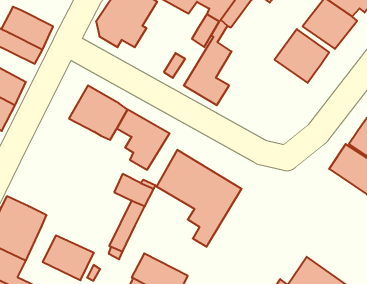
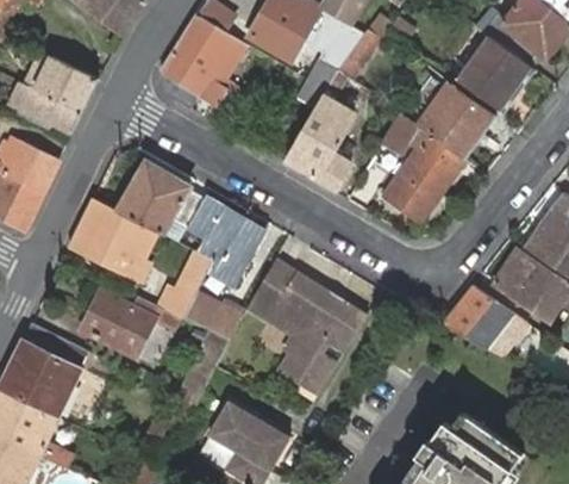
building: none -> [381,113,464,222]
building: none -> [67,197,156,283]
building: none -> [156,250,212,318]
building: none -> [442,284,524,356]
building: [43,235,94,280] -> [81,291,155,355]

